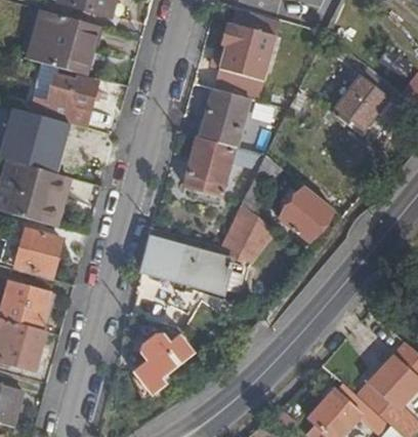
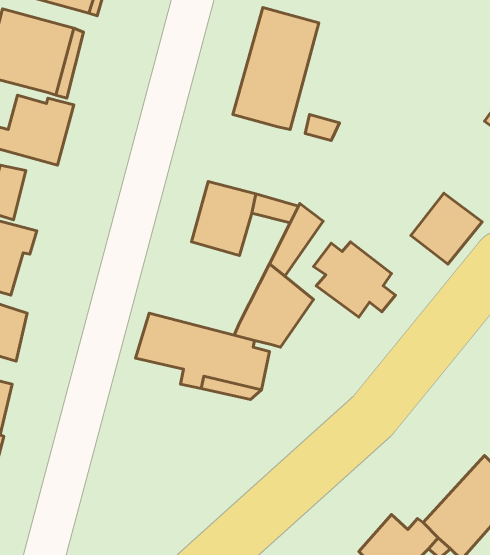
building: [335,76,388,129] -> [411,193,482,264]
building: [200,88,249,148] -> none
building: [133,334,195,396] -> none

